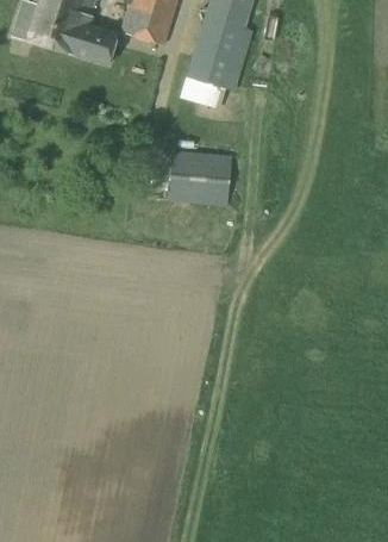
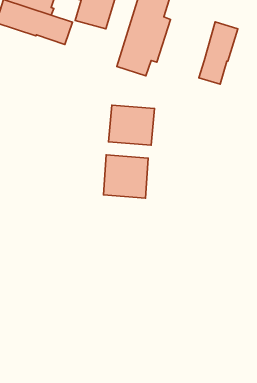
building: none -> [199,22,238,84]
building: none -> [104,155,148,198]

